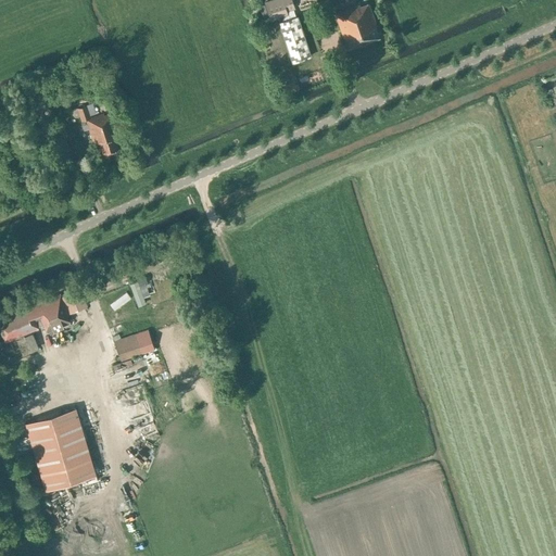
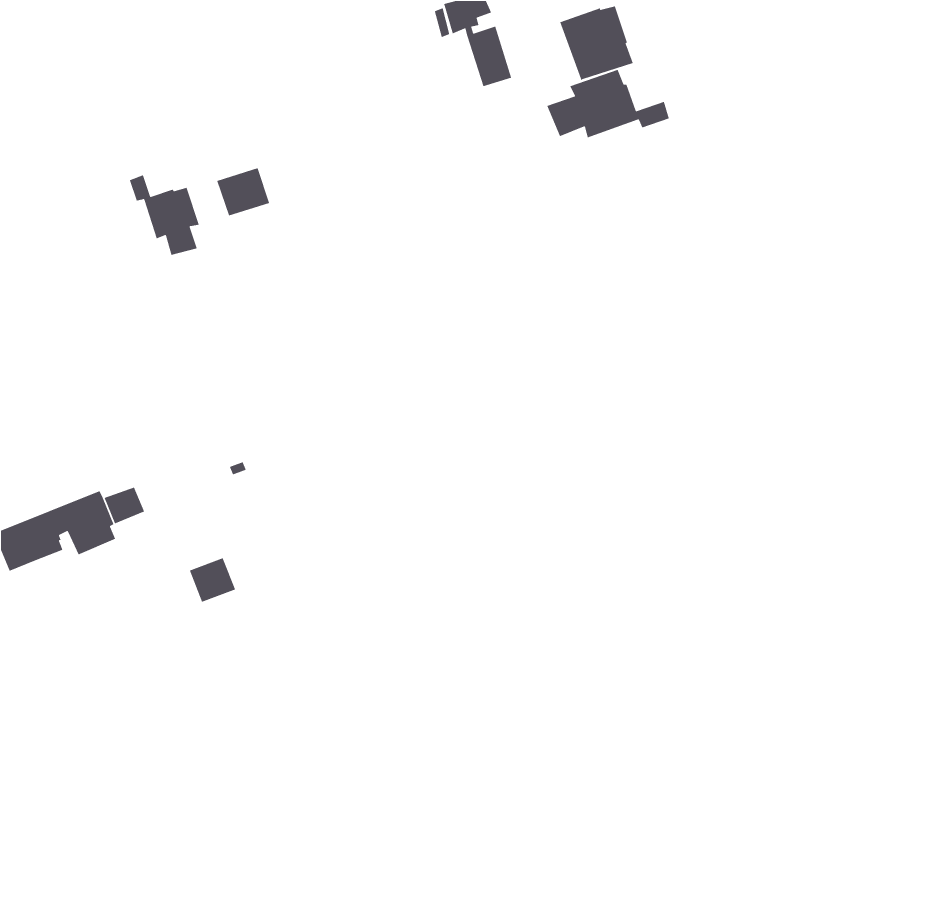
building: none -> [546,69,670,138]
building: none -> [216,167,270,217]
building: [26,409,97,492] -> none

